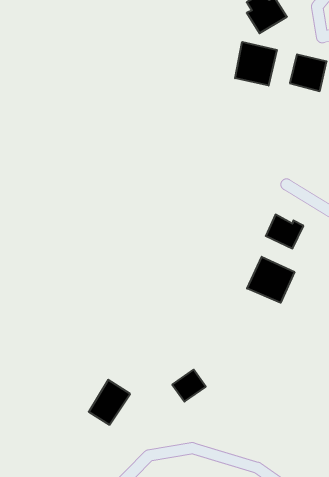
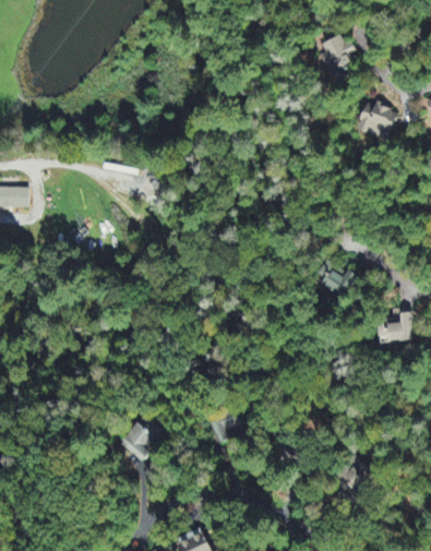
building: [235,42,277,86] -> none
building: [247,257,294,303] -> none

